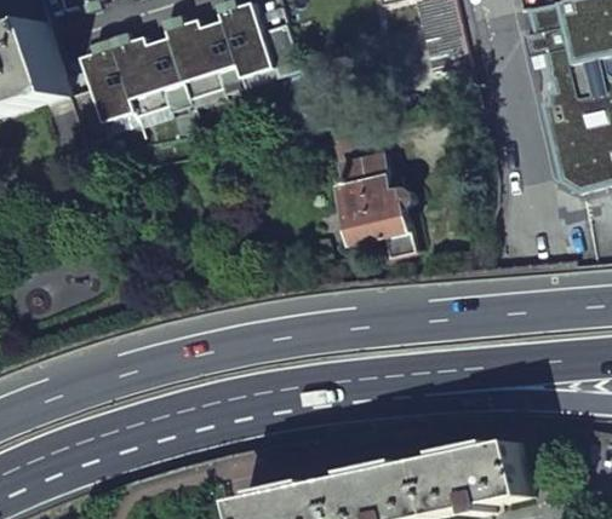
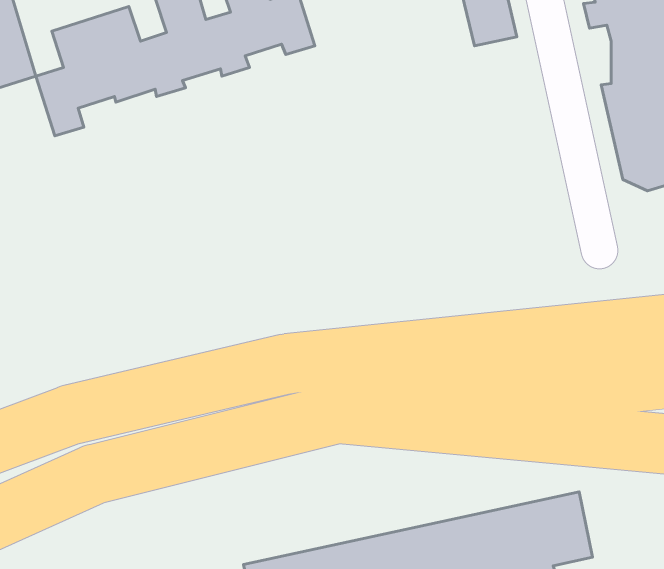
building: [338,150,414,254] -> none

